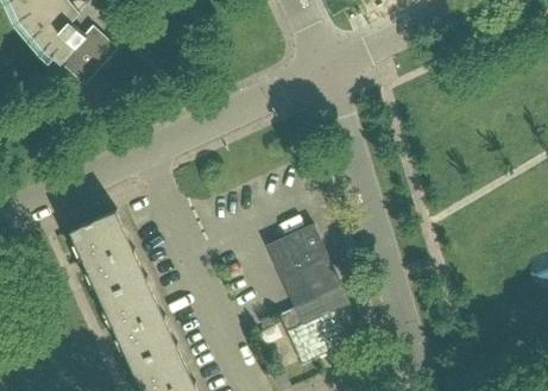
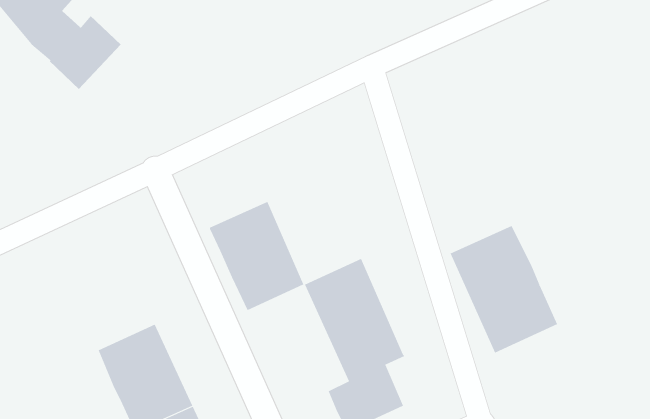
building: none -> [450,225,558,354]
building: [68,210,145,299] -> [209,201,304,311]

